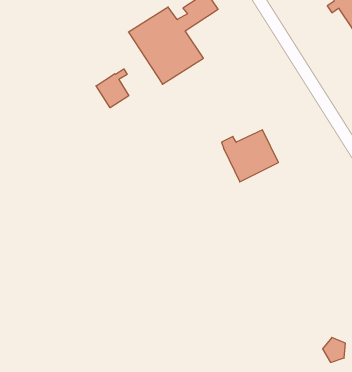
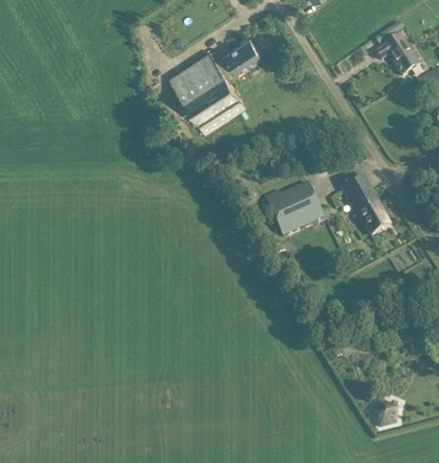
building: [96,69,129,108] -> none
building: none -> [340,175,389,237]

